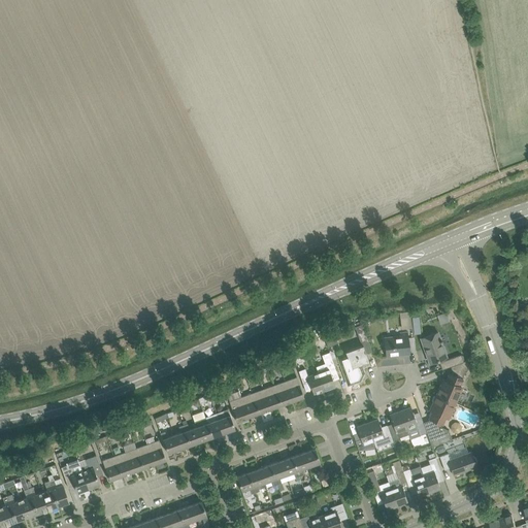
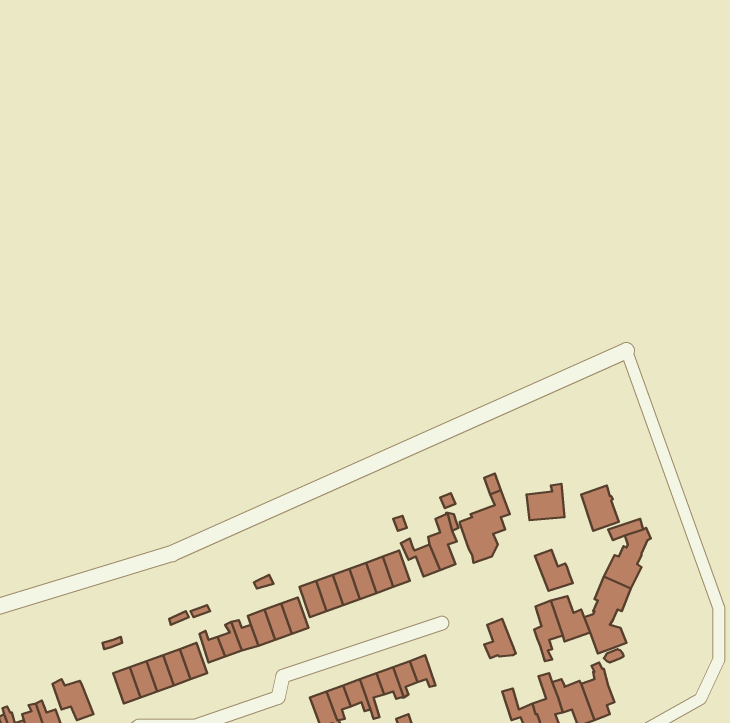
building: [367,420,393,448] -> [535,550,573,591]
building: [439,453,476,476] -> none
building: [80,456,102,489] -> none

